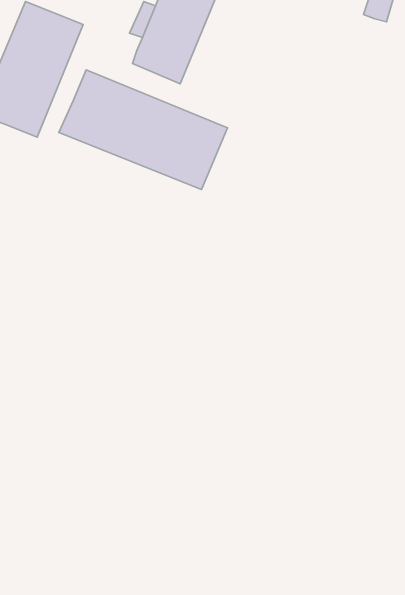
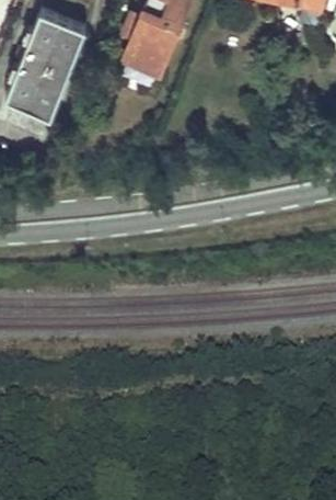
building: [59,70,227,189] -> none

